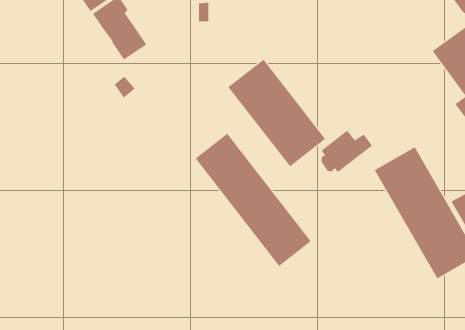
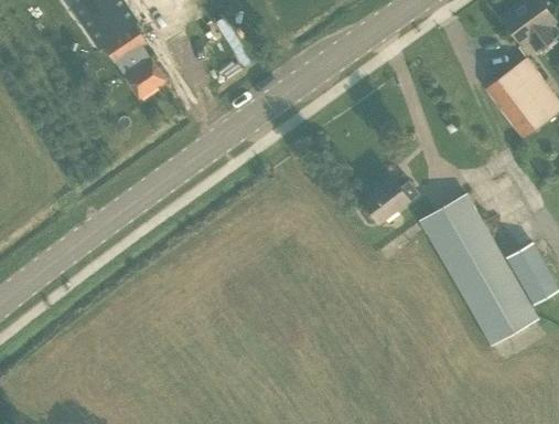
building: [227,59,326,167] -> none
building: [195,133,312,267] -> none

